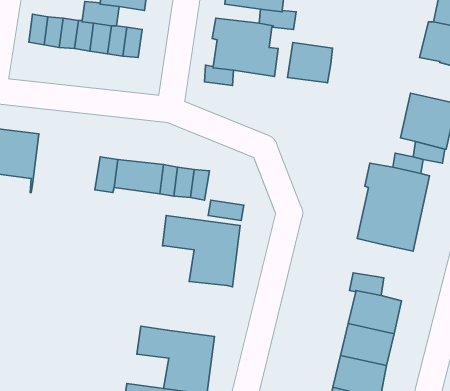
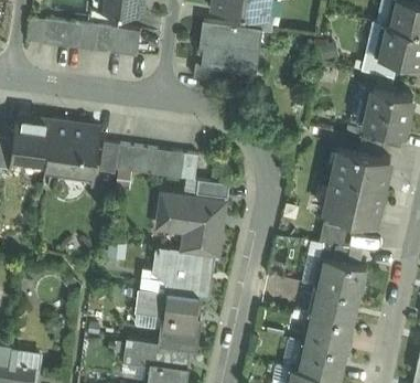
building: [288,42,333,83] -> none
building: none -> [362,52,398,78]
building: none -> [45,123,100,173]
building: none -> [319,213,349,246]
building: none -> [162,248,214,298]

